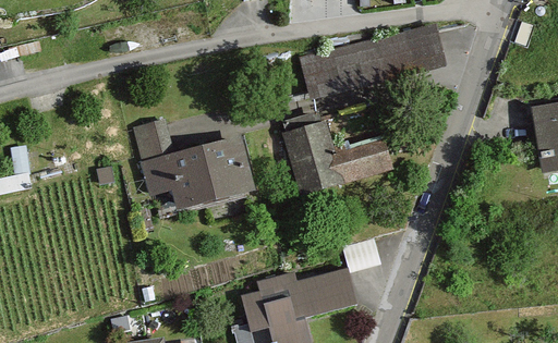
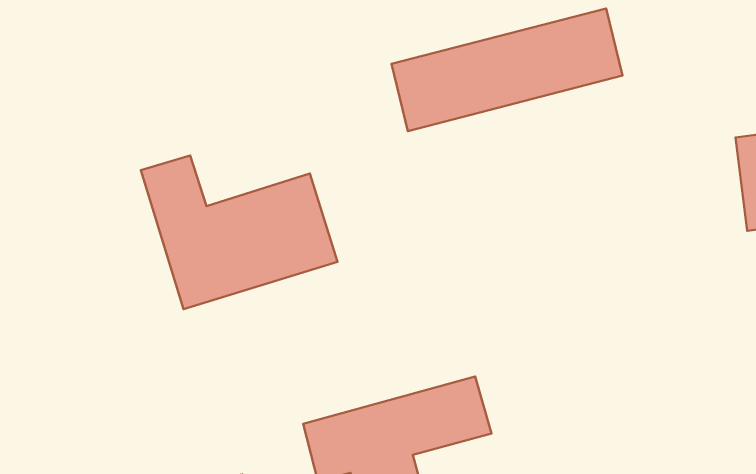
building: [282,100,402,195] -> none

